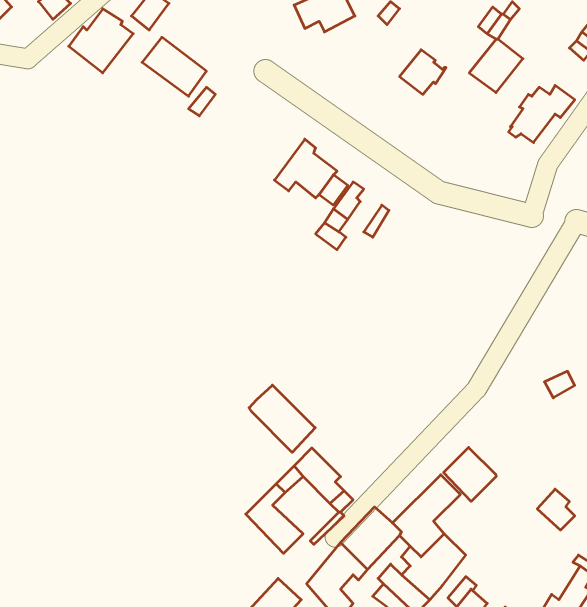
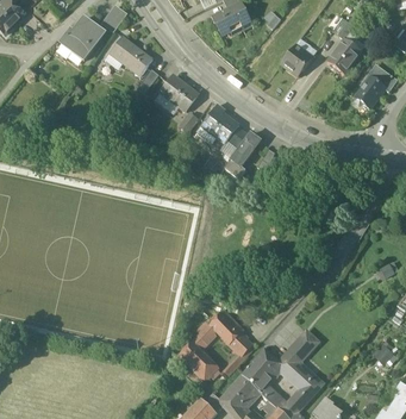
building: none -> [160,74,195,108]
building: [249,385,315,452] -> none
building: [444,447,496,501] -> none

